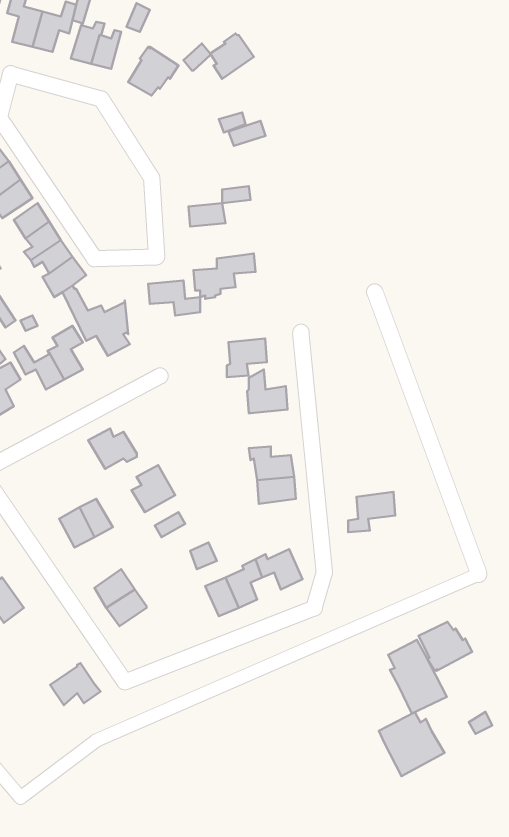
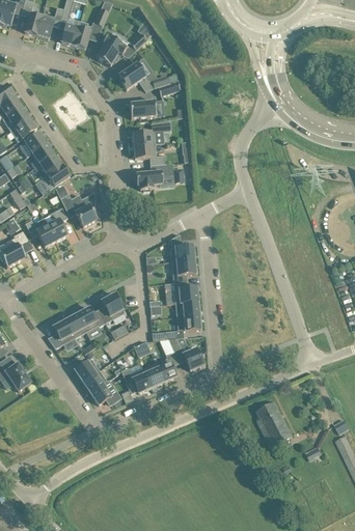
building: [210,33,254,79] -> [118,61,145,89]
building: none -> [130,100,156,120]
building: [148,280,200,316] -> [134,143,166,165]
building: [227,339,267,377] -> [170,258,195,282]
building: [88,428,137,469] -> [76,306,106,331]
building: [348,492,395,532] -> [171,313,200,338]
building: none -> [122,367,152,392]
building: [418,622,472,671] -> none
building: [50,663,101,705] -> [90,379,121,404]
building: [379,712,445,776] -> none

